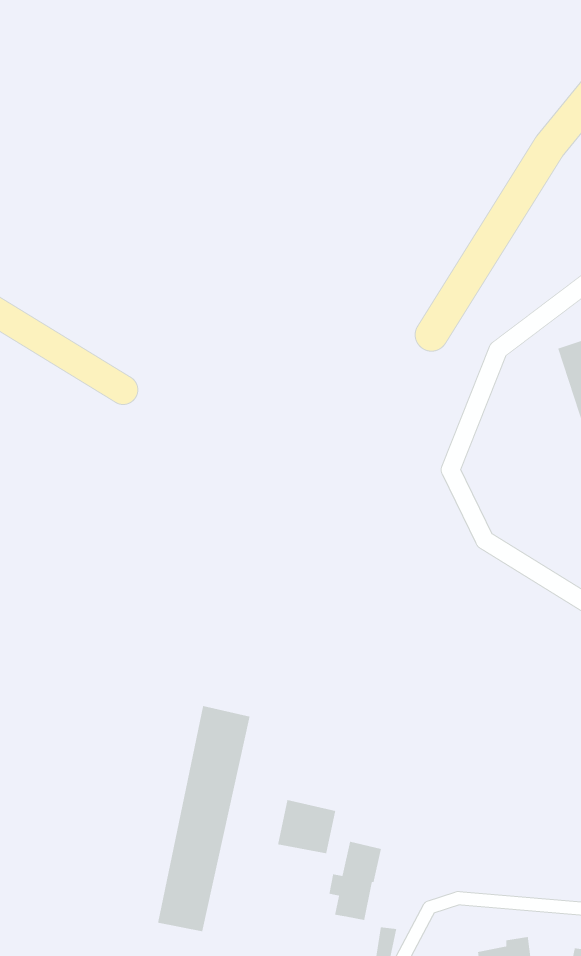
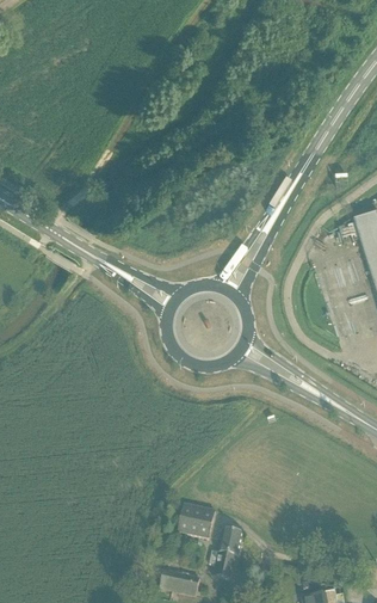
building: [157,705,251,932] -> none
building: none -> [161,568,202,593]

